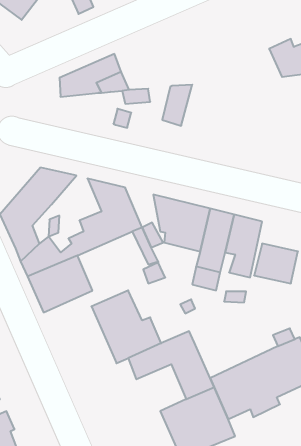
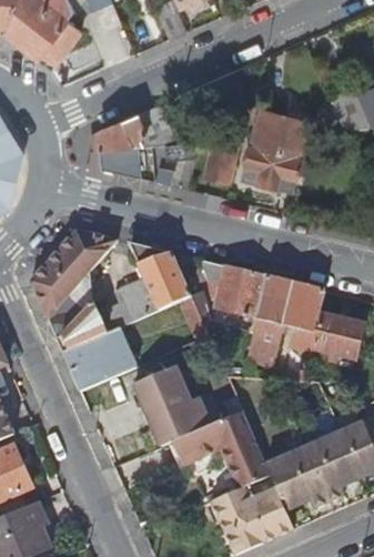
building: none -> [249,112,315,193]
building: none -> [98,146,145,179]

